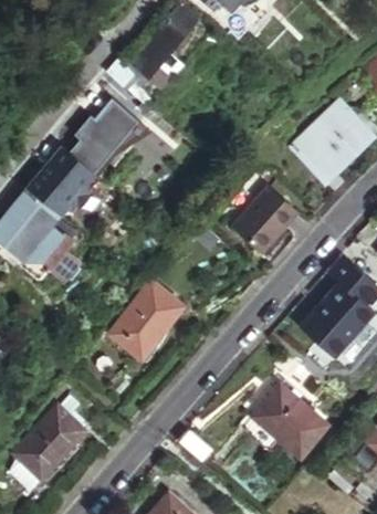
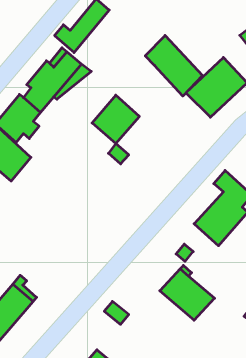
building: none -> [145,35,203,96]
building: [230,187,294,252] -> [92,95,139,143]
building: [111,281,184,358] -> none

